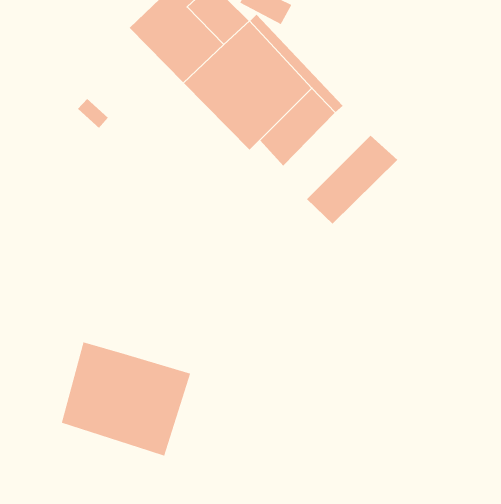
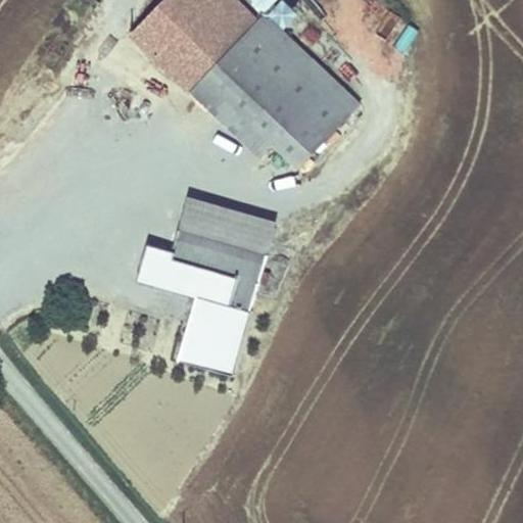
building: [306,135,398,224] -> none
building: none -> [139,195,278,371]
building: [61,341,191,456] -> none

